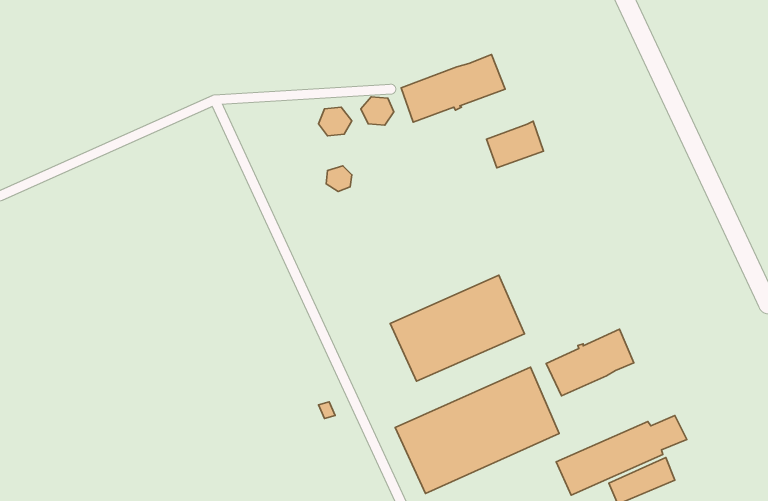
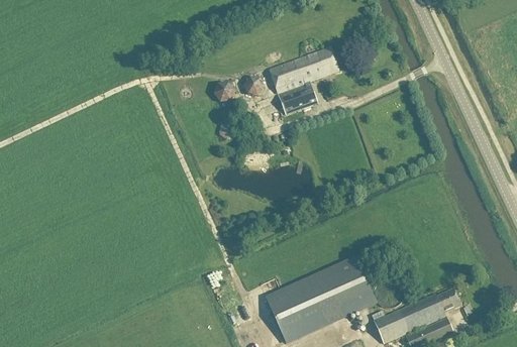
building: [486,121,544,168] -> [279,82,317,113]
building: [390,275,524,381] -> none
building: [546,329,634,396] -> none

